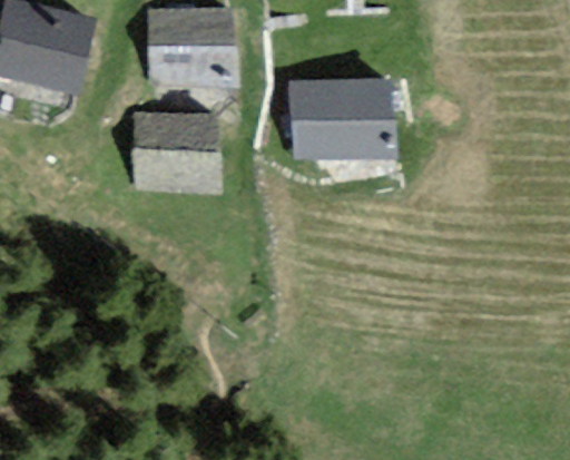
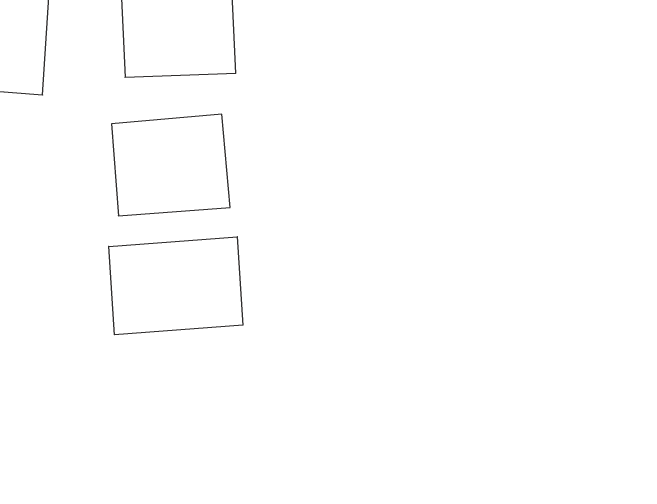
building: [286,72,389,164] -> none
building: none -> [109,237,243,335]

